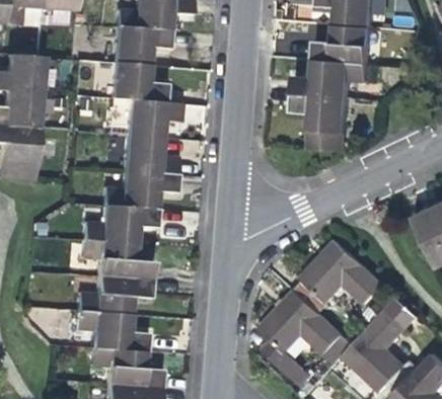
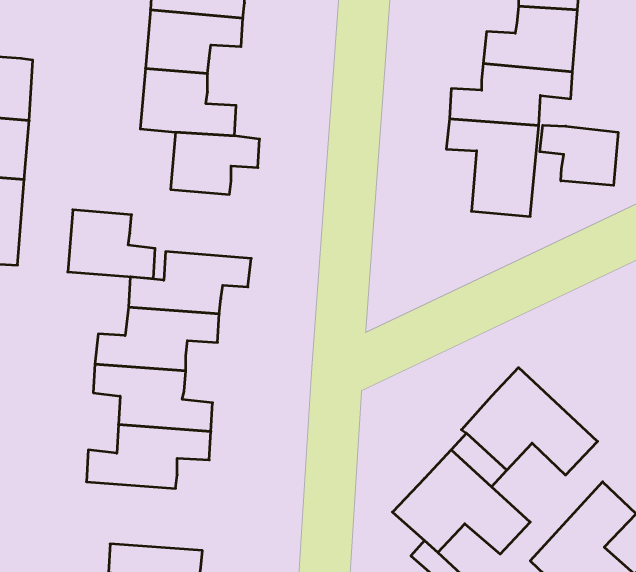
building: none -> [540,125,618,185]
building: [124,135,176,176] -> [68,210,155,279]
building: [75,311,147,352] -> none

